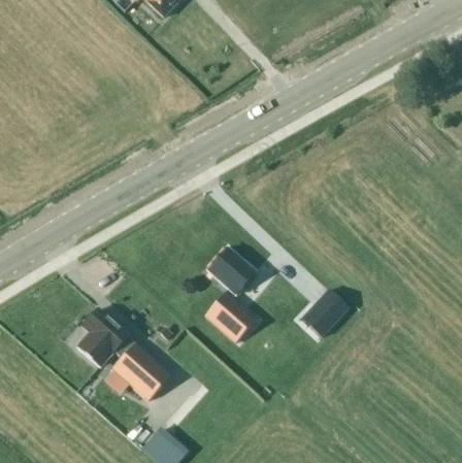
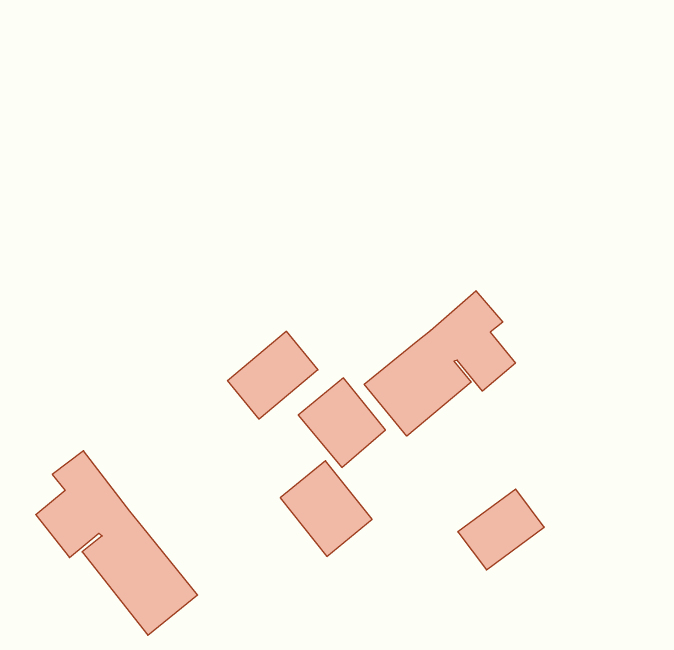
building: none -> [364,291,515,436]
building: none -> [228,331,318,419]

